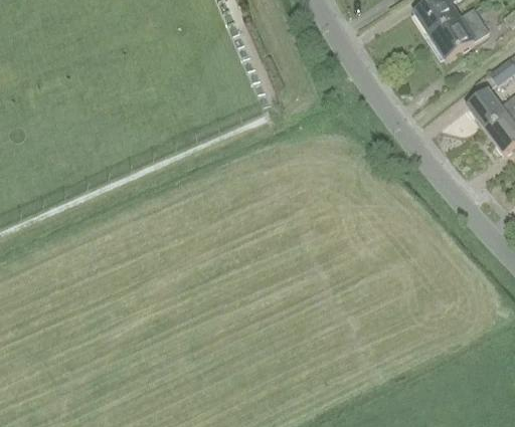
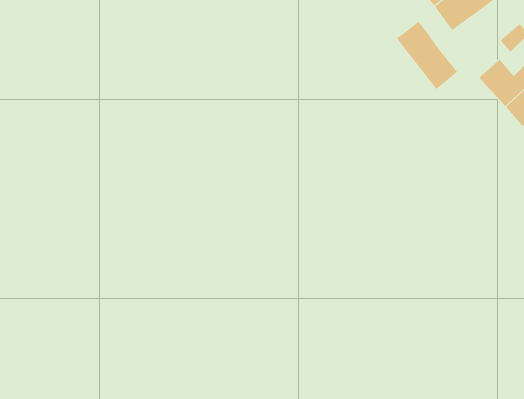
building: none -> [396,21,458,90]

